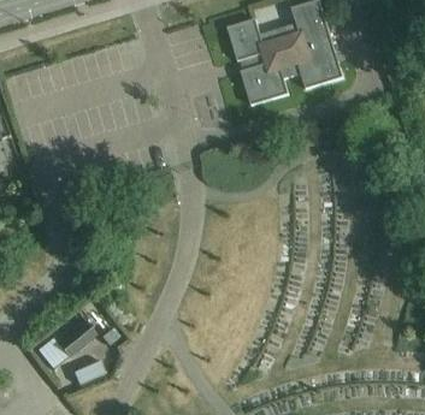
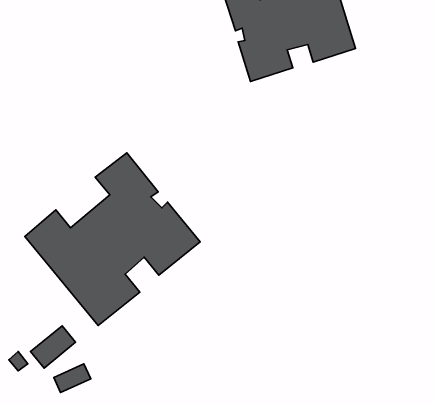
building: none -> [25,153,200,325]

